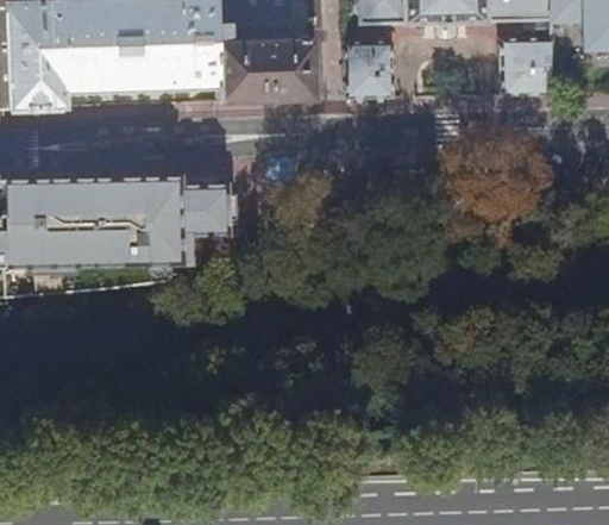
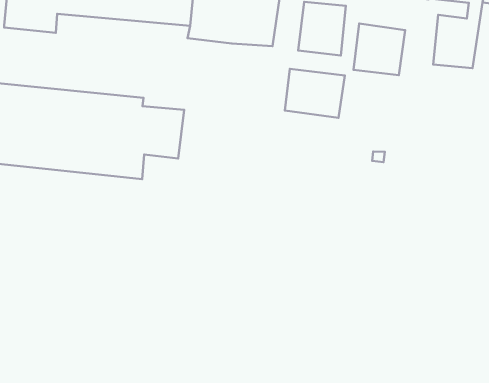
building: none -> [353,23,405,75]
building: none -> [285,69,345,118]

